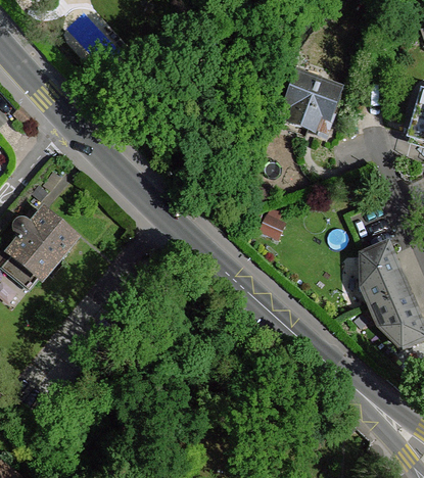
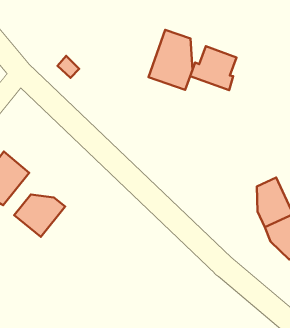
building: none -> [148,30,193,90]
building: none -> [14,194,65,237]

